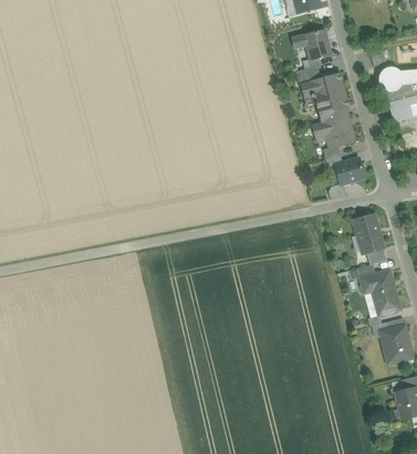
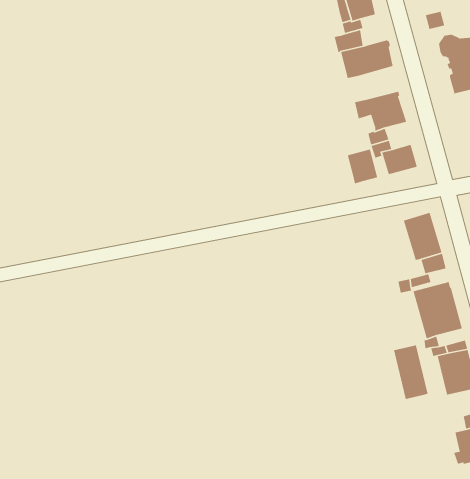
building: [316,95,348,122] -> none
building: none -> [347,148,378,184]
building: none -> [393,344,428,400]

